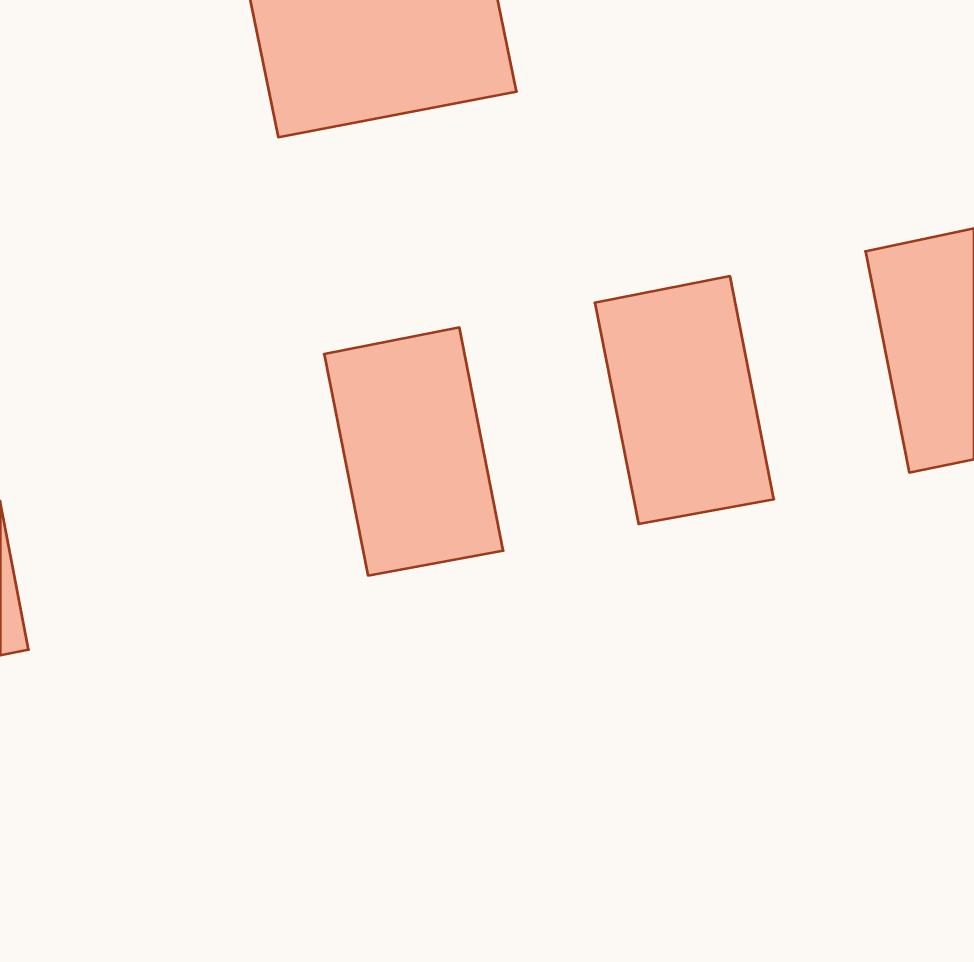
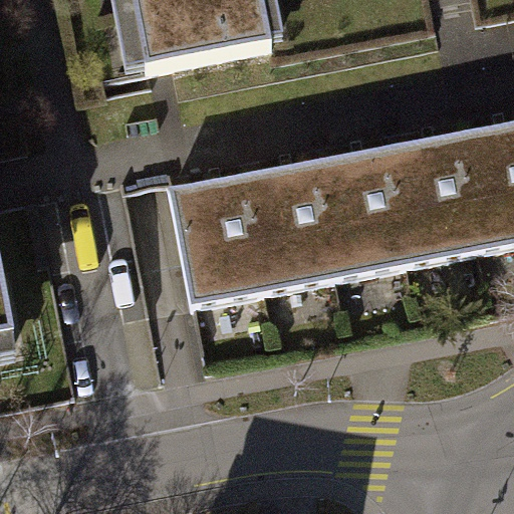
building: none -> [384,133,479,263]
building: none -> [242,160,336,290]

